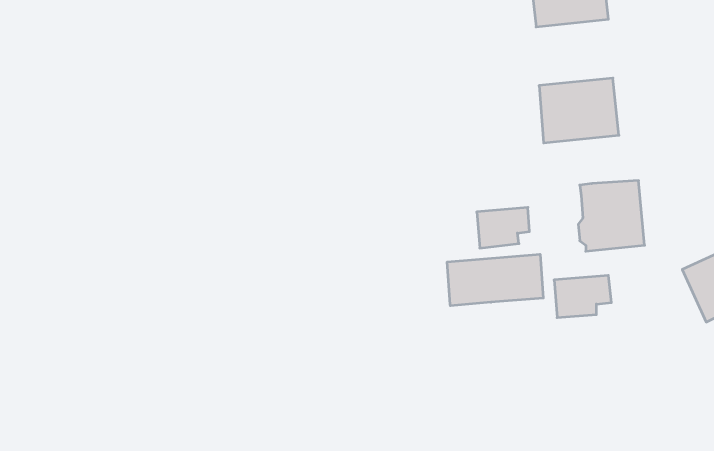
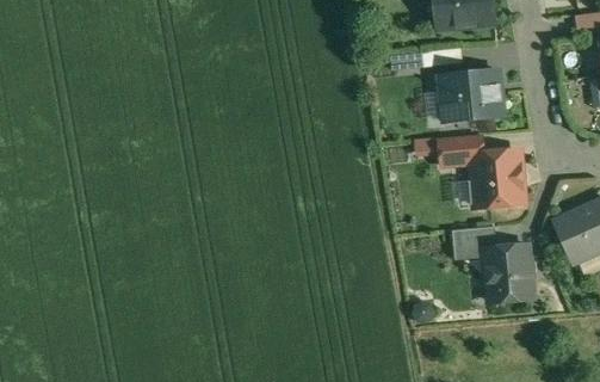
building: [477,207,529,248] -> [440,135,482,167]
building: [447,254,543,306] -> none
building: none -> [485,245,533,302]

